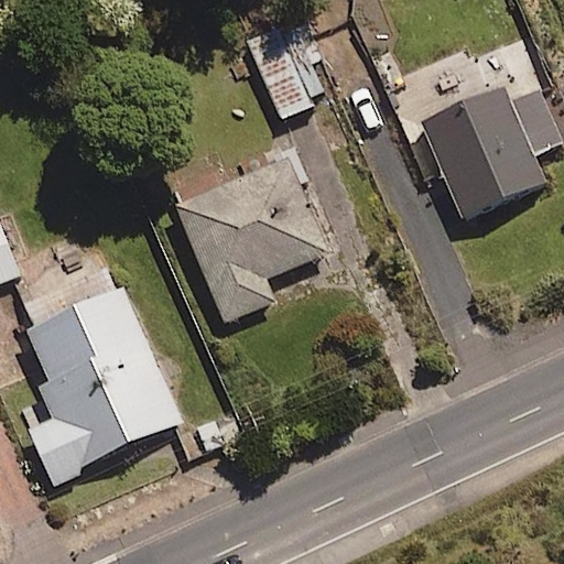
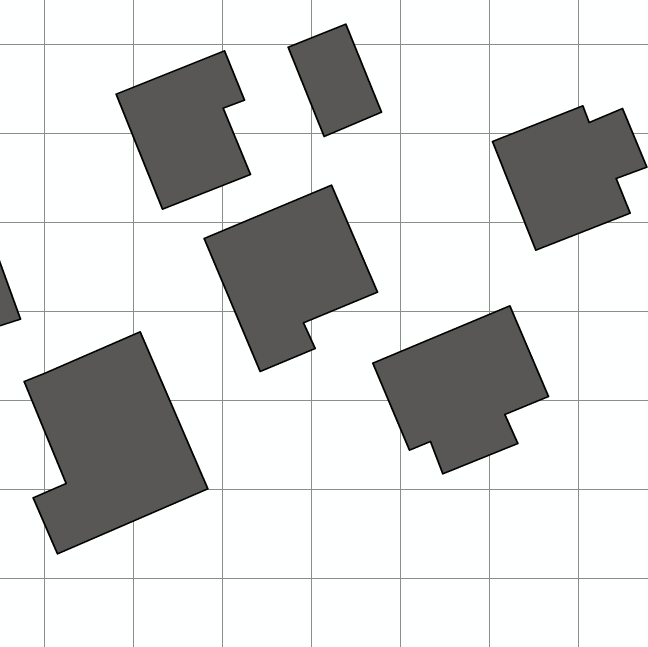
building: none -> [116,51,250,209]
building: none -> [373,306,548,474]

